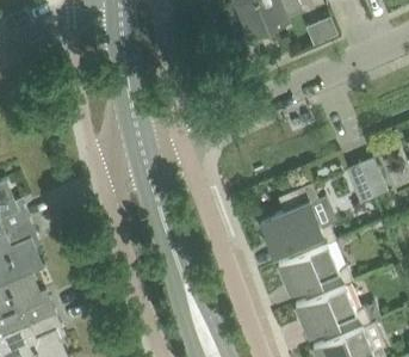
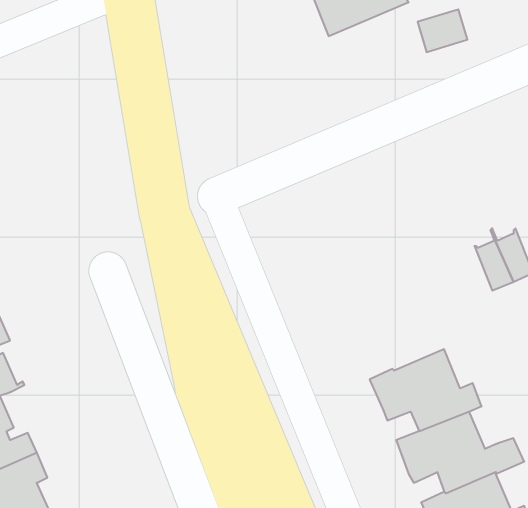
building: [260,184,336,258] -> none

